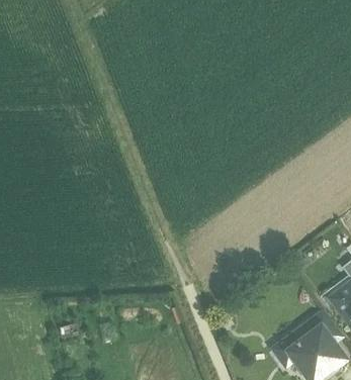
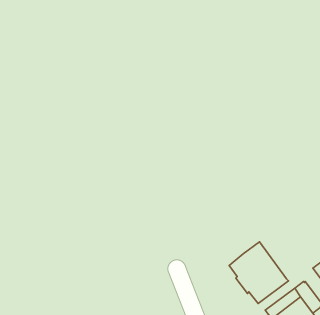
building: none -> [229,242,288,303]

